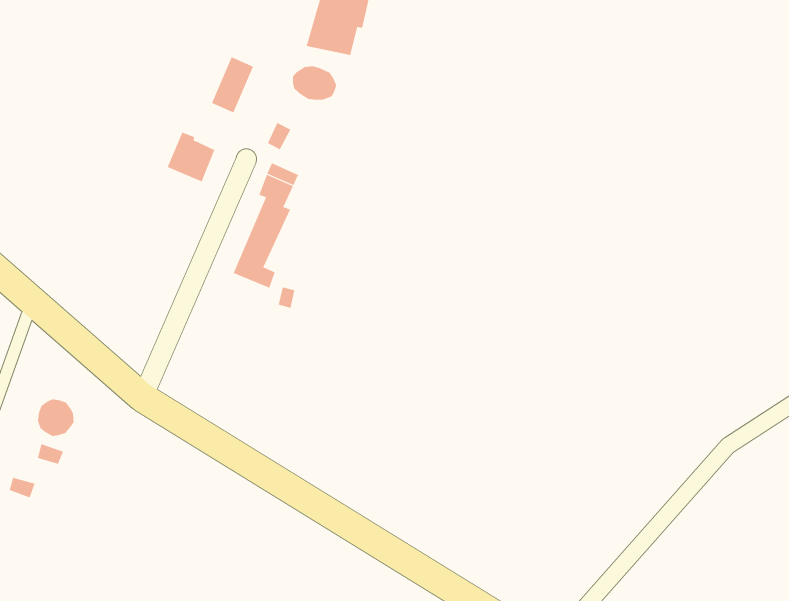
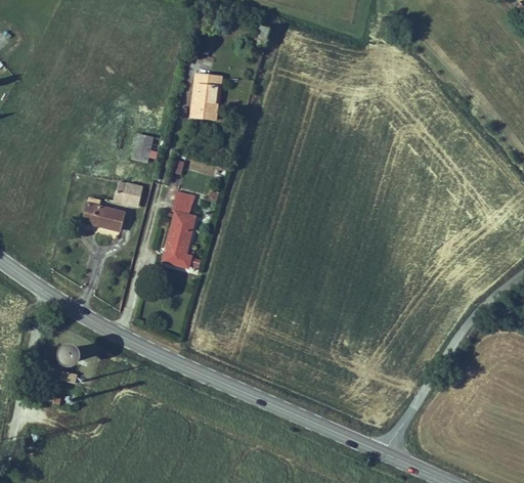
building: [292,65,337,101] -> none
building: none -> [81,202,124,232]

